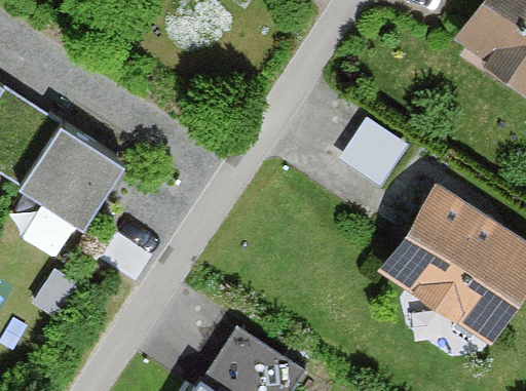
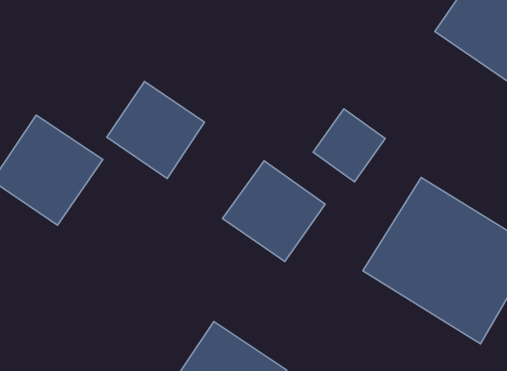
building: none -> [107,81,205,179]
building: none -> [223,161,325,262]

